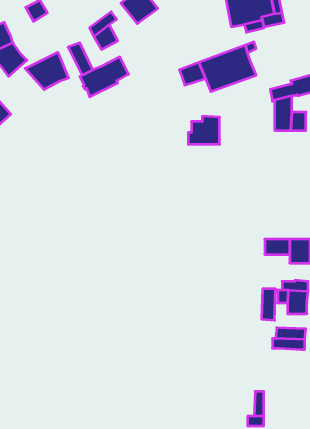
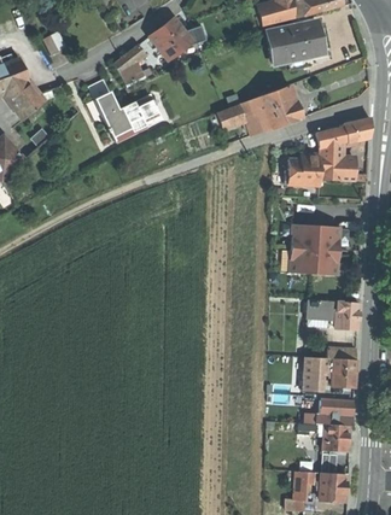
building: [25,52,69,90] -> none
building: [188,116,220,144] -> [286,153,321,185]
building: none -> [288,227,339,275]
building: none -> [327,423,351,450]
building: none -> [323,473,348,499]

